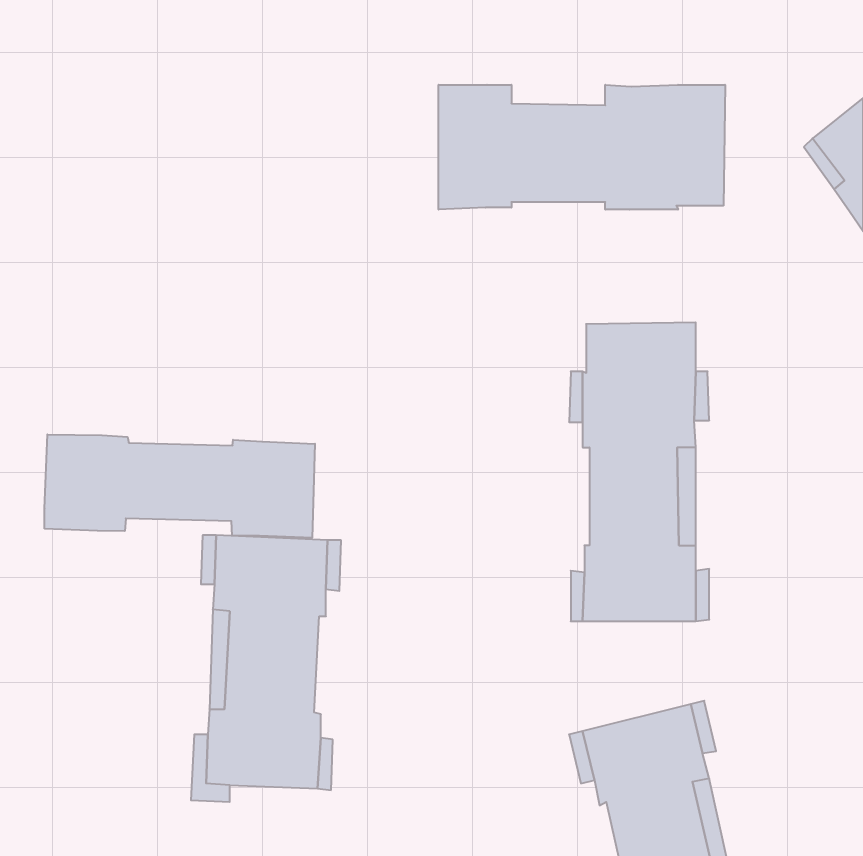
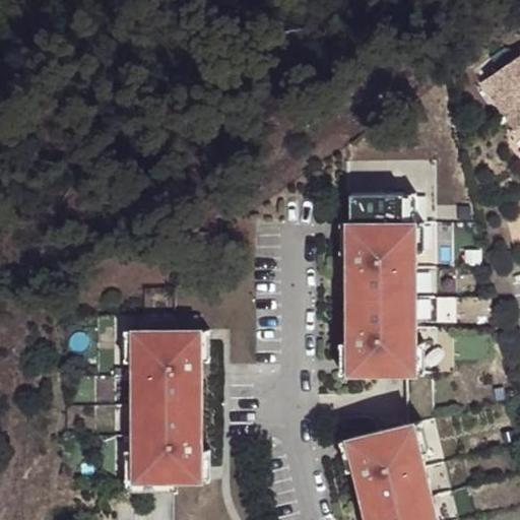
building: [439,85,725,210] -> none
building: [45,434,315,538] -> none

